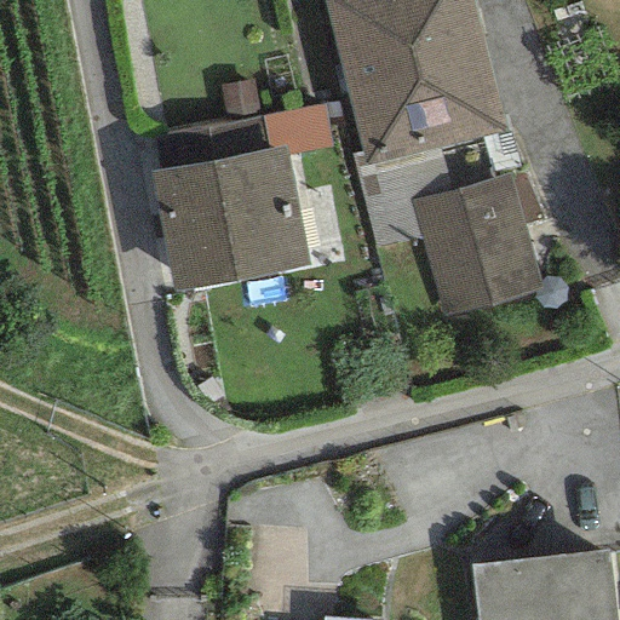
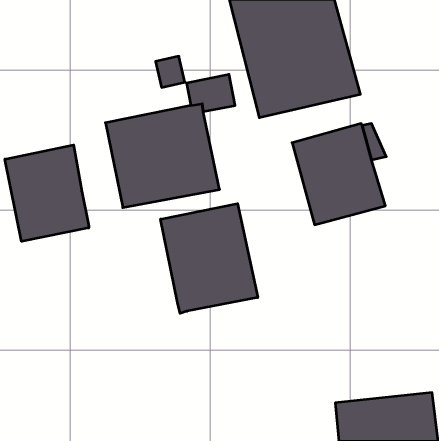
building: none -> [5,145,89,241]
building: none -> [161,204,258,313]

